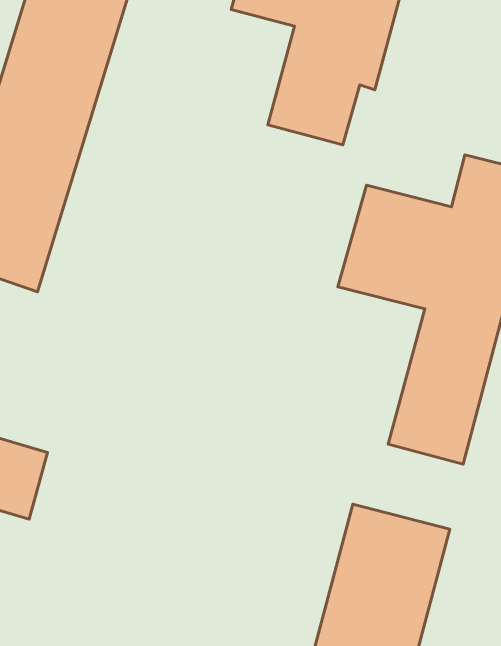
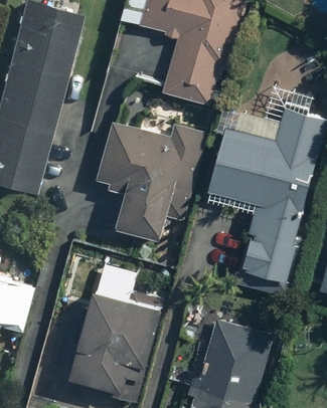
building: none -> [97,122,206,239]
building: none -> [64,291,158,399]

